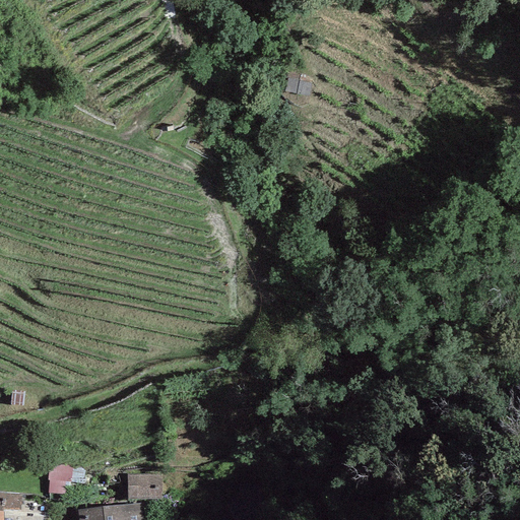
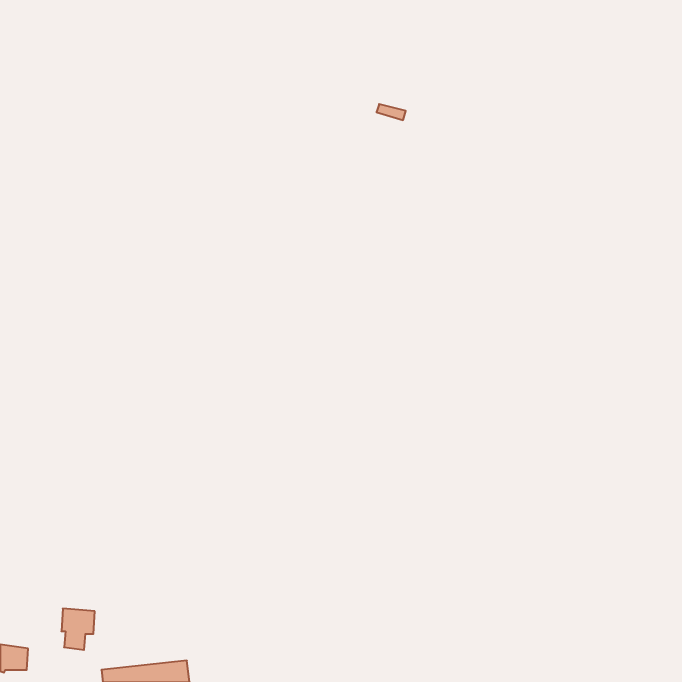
building: [127,475,161,500] -> none

